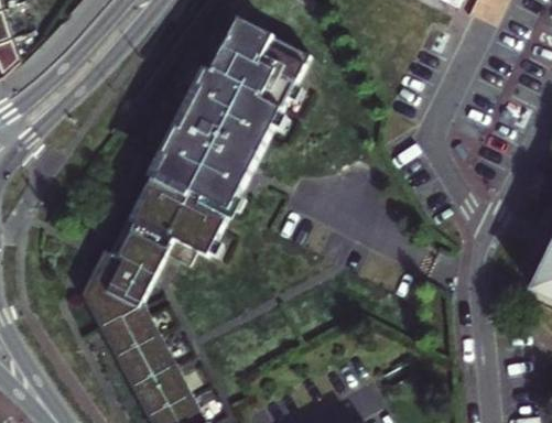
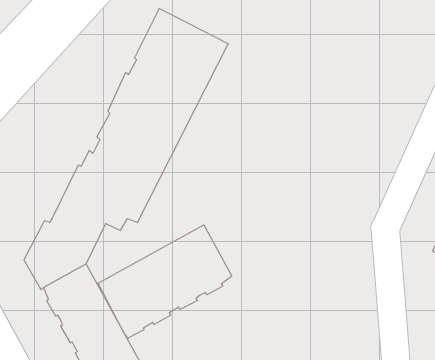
building: none -> [98,225,232,338]

